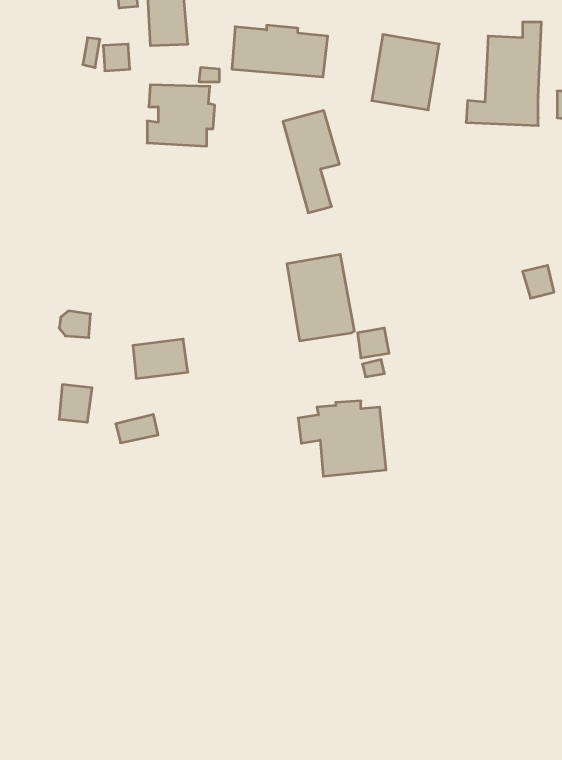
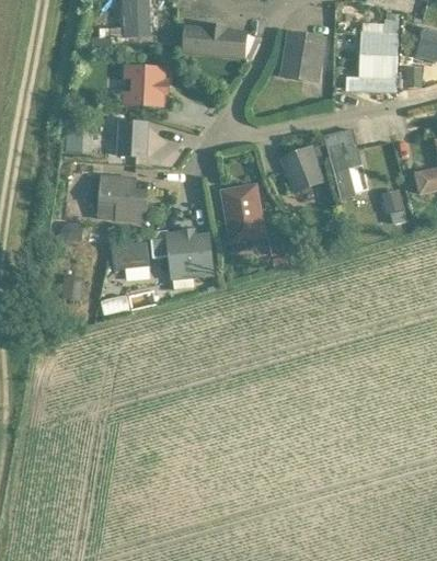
building: [283,111,339,213] -> [323,128,363,199]
building: none -> [118,121,146,153]
building: none -> [279,145,326,194]
building: none -> [97,174,149,222]
building: [298,401,386,476] -> [152,228,214,280]

